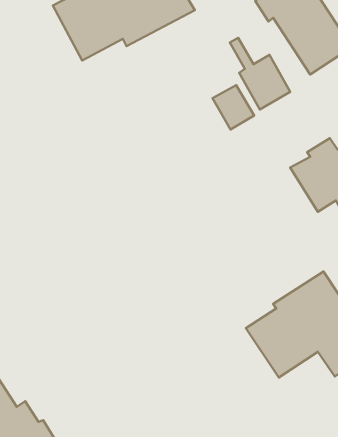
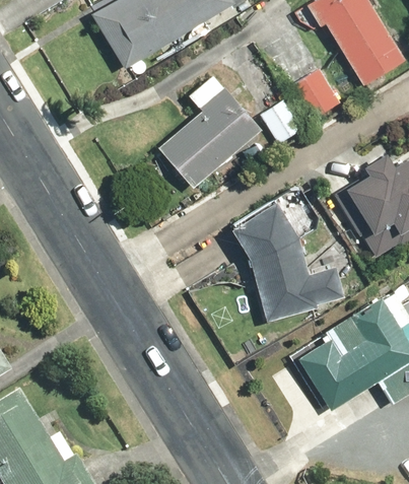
building: none -> [159,74,261,189]
building: none -> [228,187,353,321]

